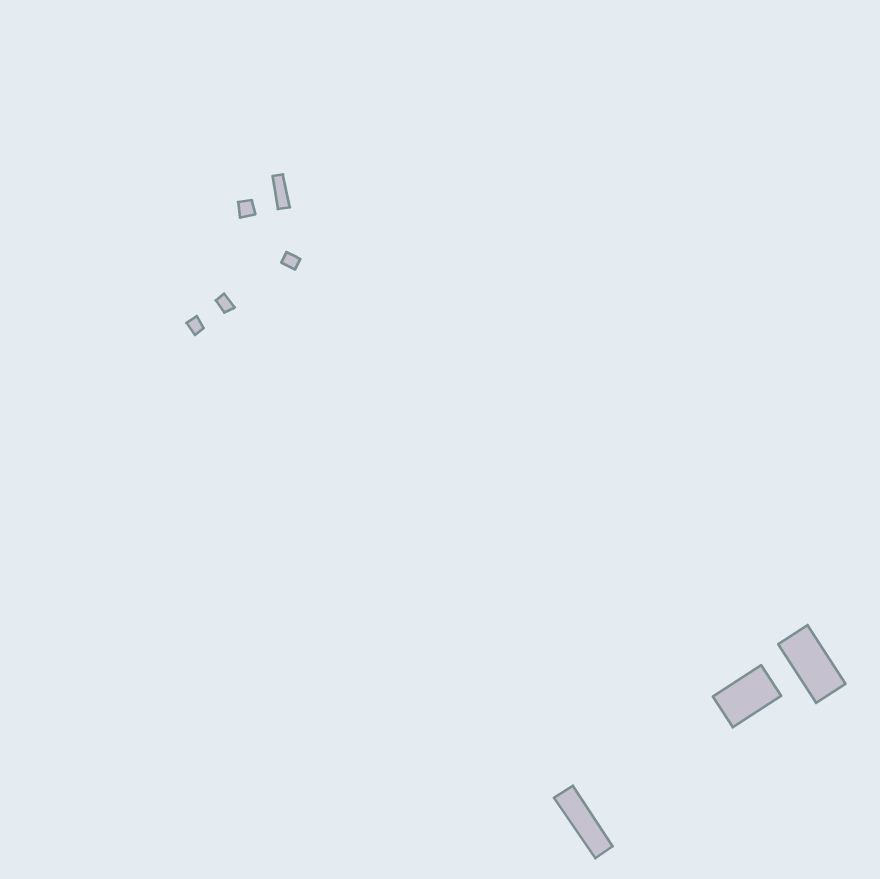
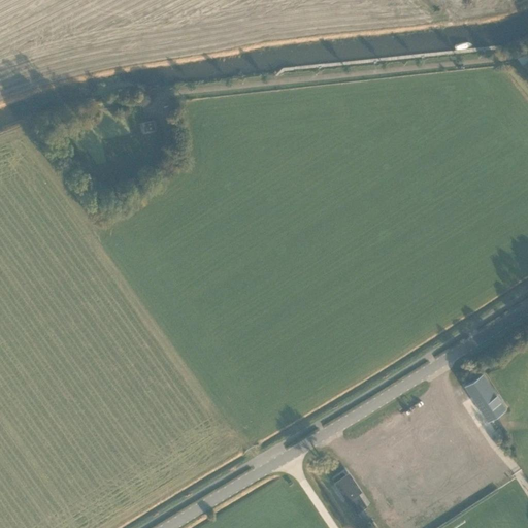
building: [713,665,781,727] -> none

